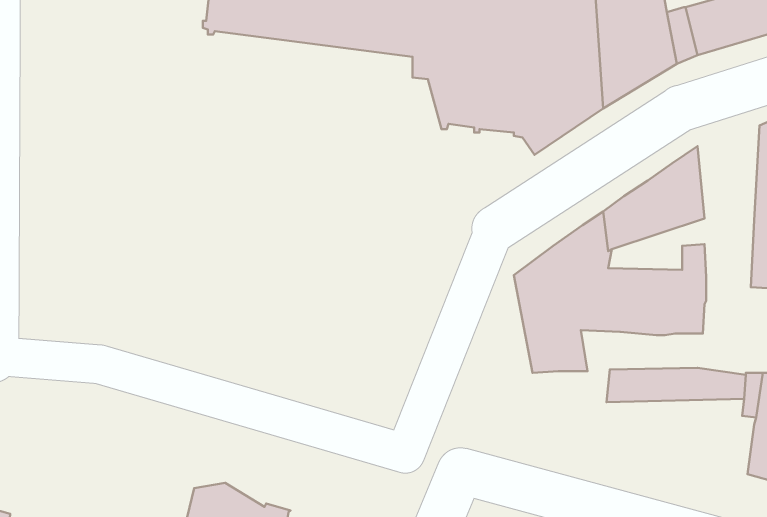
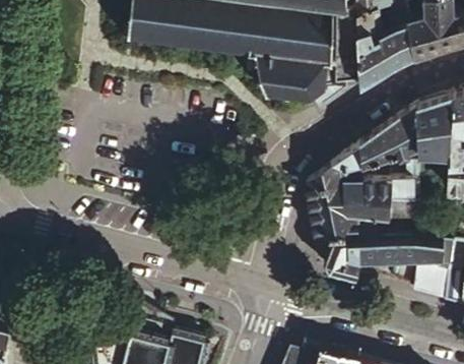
building: none -> [415,98,452,154]
building: none -> [325,242,363,281]
building: none -> [413,267,449,304]

